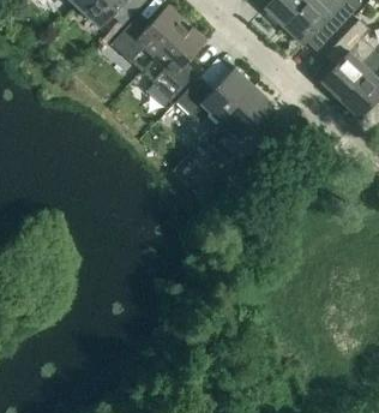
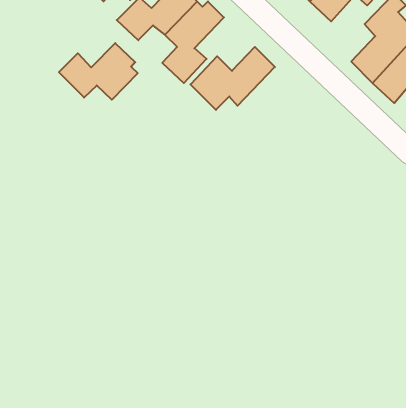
building: none -> [59,43,138,100]
building: [219,85,273,162] -> none

